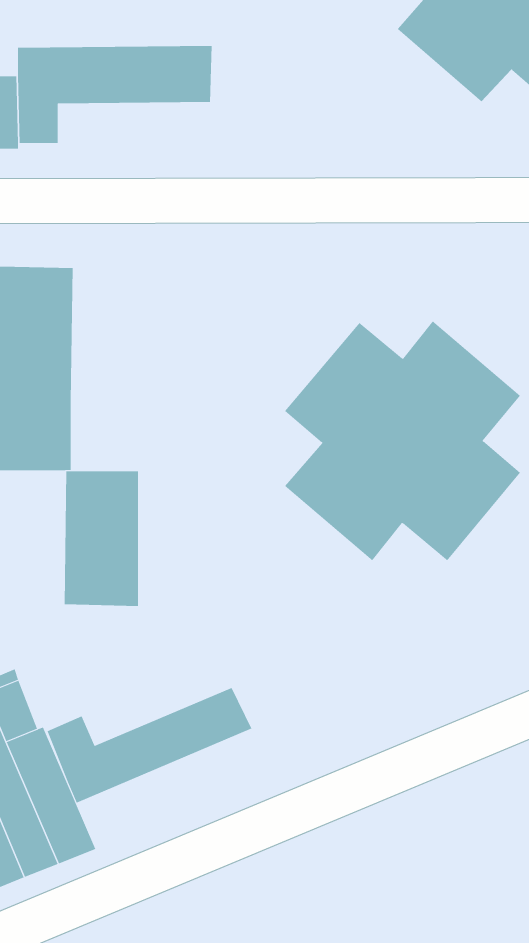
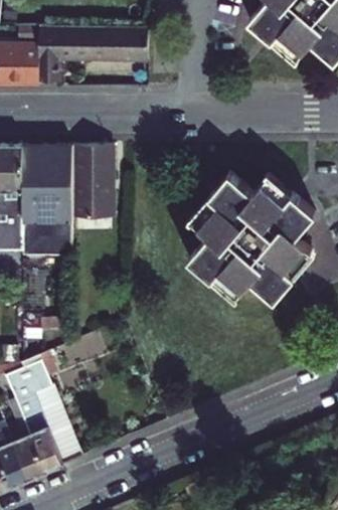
building: [64,471,139,606] -> [71,147,112,219]
building: [47,687,252,804] -> none

